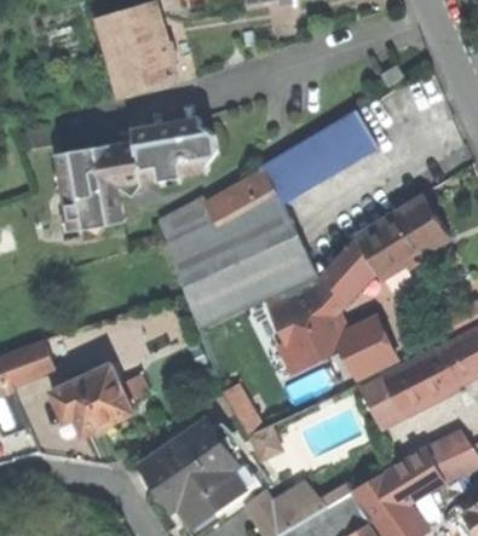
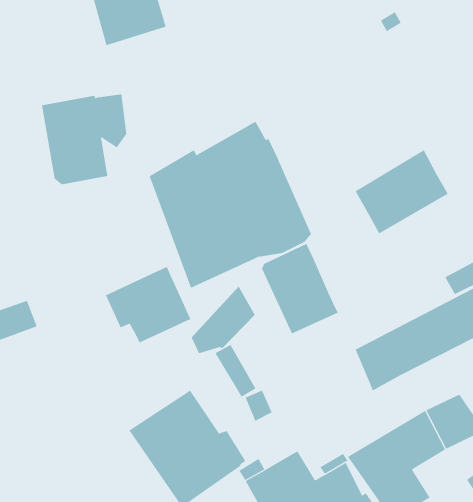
building: [260,109,379,203] -> none
building: [132,116,217,181] -> none
building: [311,236,373,301] -> [191,286,255,354]
building: [333,315,399,380] -> none
building: [51,363,133,437] -> [105,266,191,343]

